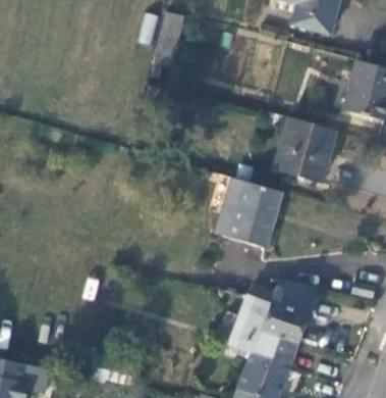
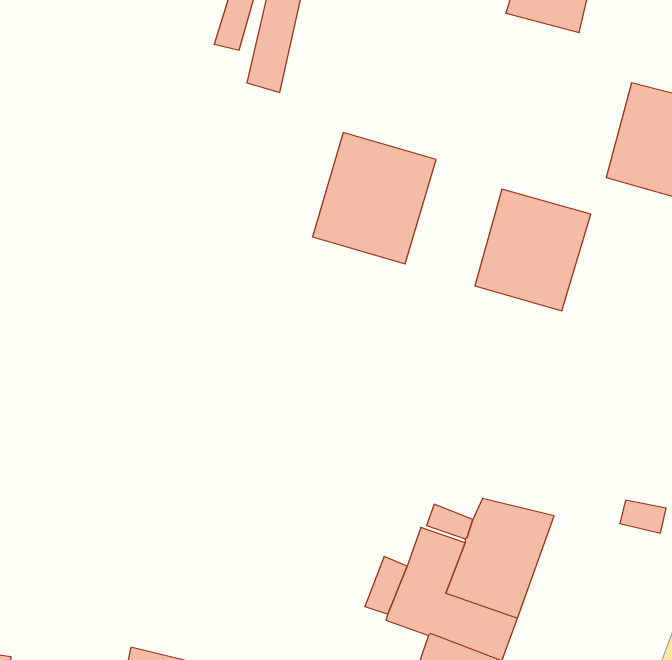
building: [216,179,281,248] -> [312,132,436,264]

